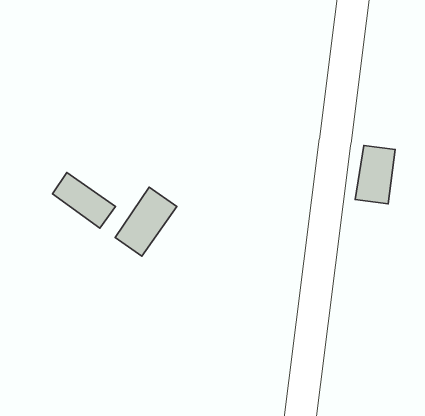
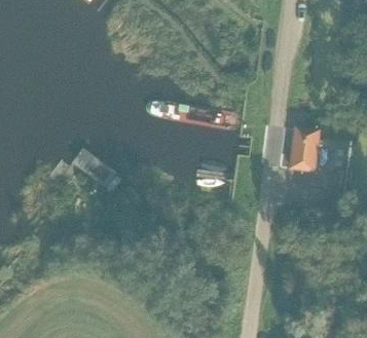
building: [115,187,177,256] -> none

